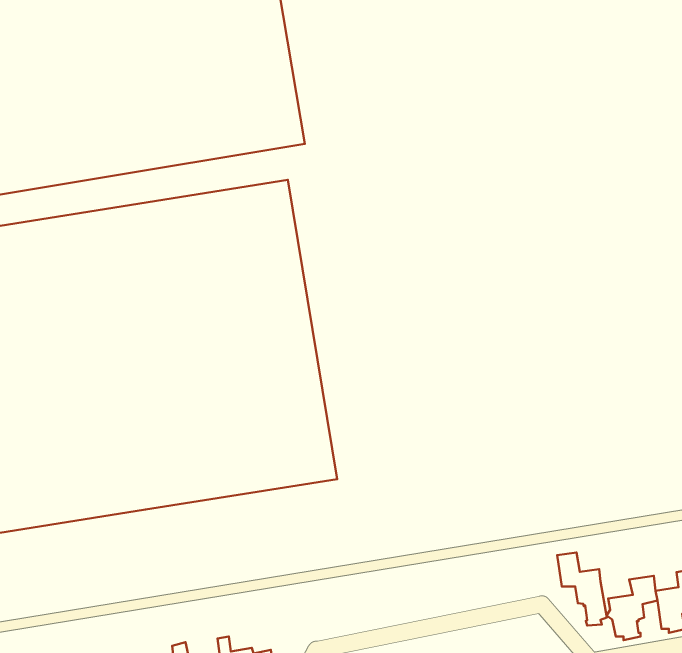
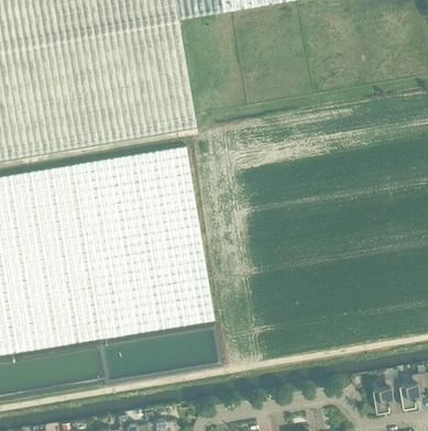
building: [557,552,607,625] -> none

